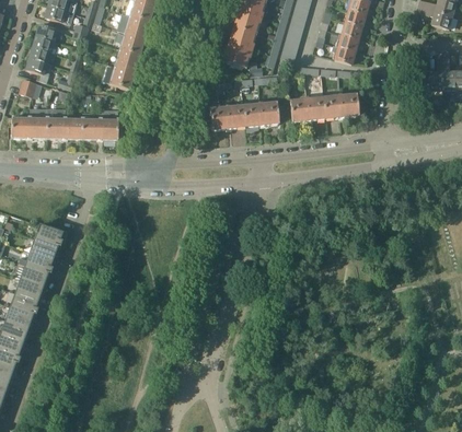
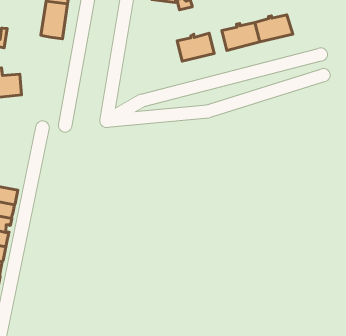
building: [209,105,245,130] -> none
building: [81,109,118,139] -> none

